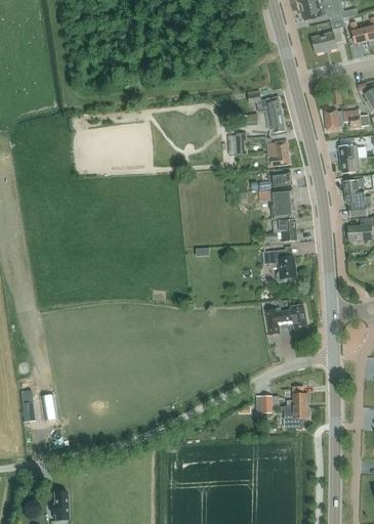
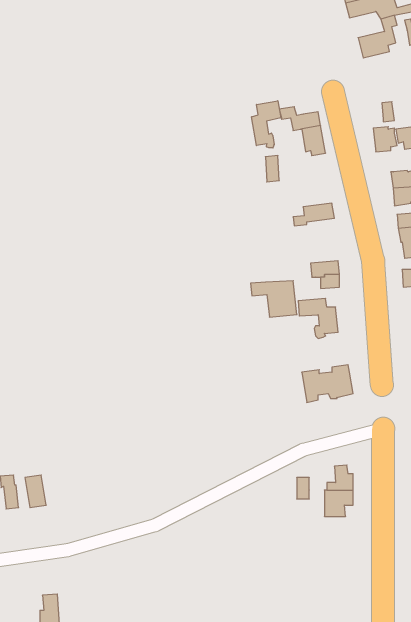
building: none -> [252,101,281,148]
building: [267,140,289,166] -> none
building: [257,188,295,218] -> [251,281,297,317]

